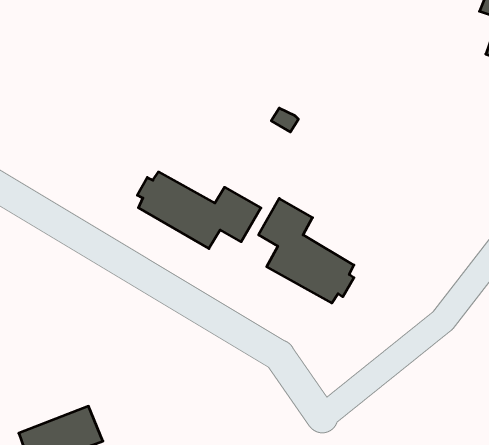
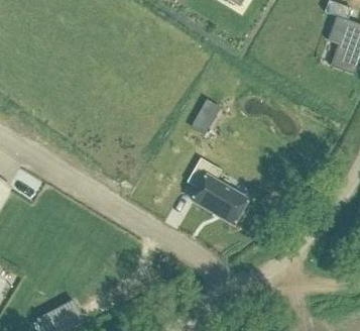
building: [137,172,261,249] -> none

